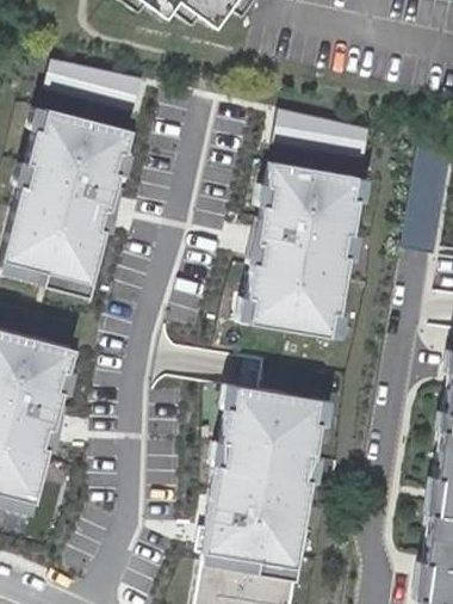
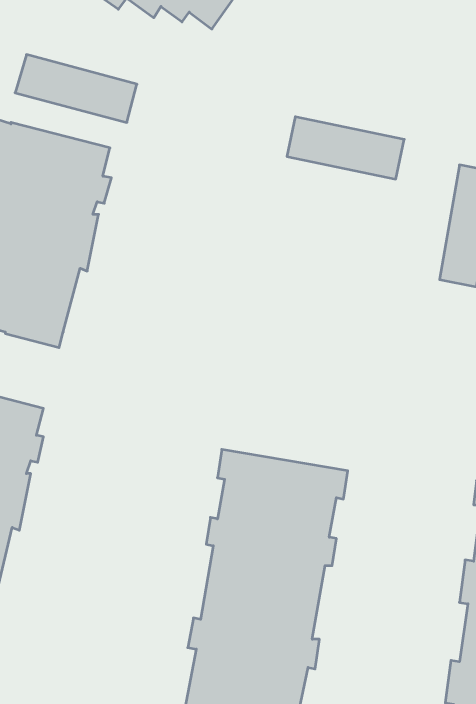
building: [242,162,370,338] -> none

